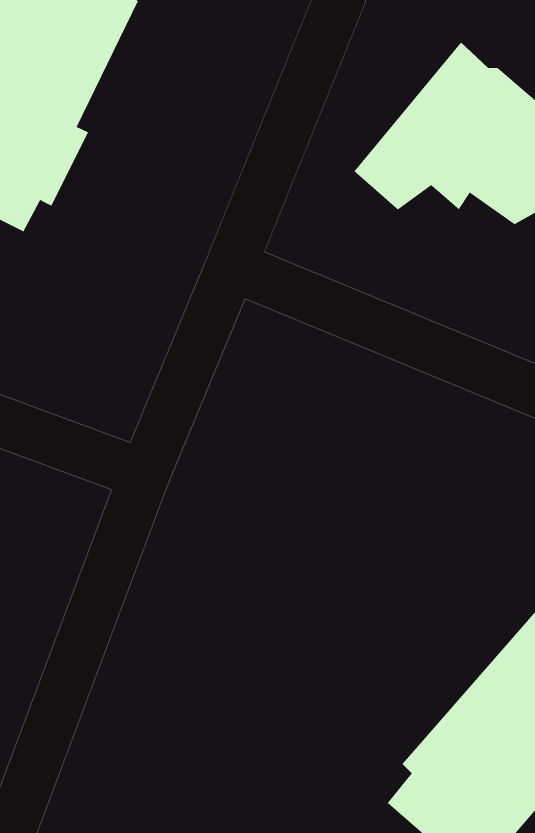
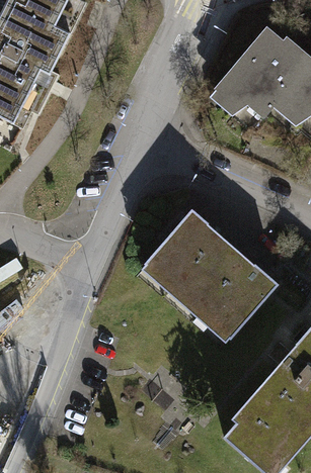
building: none -> [143,210,277,340]

